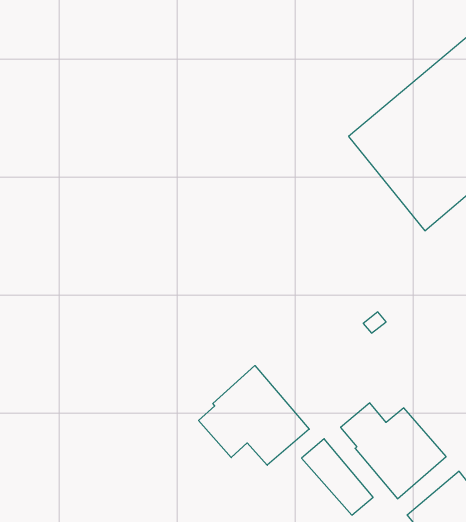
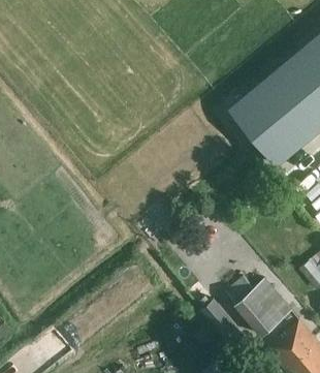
building: [199,366,309,465] -> none

